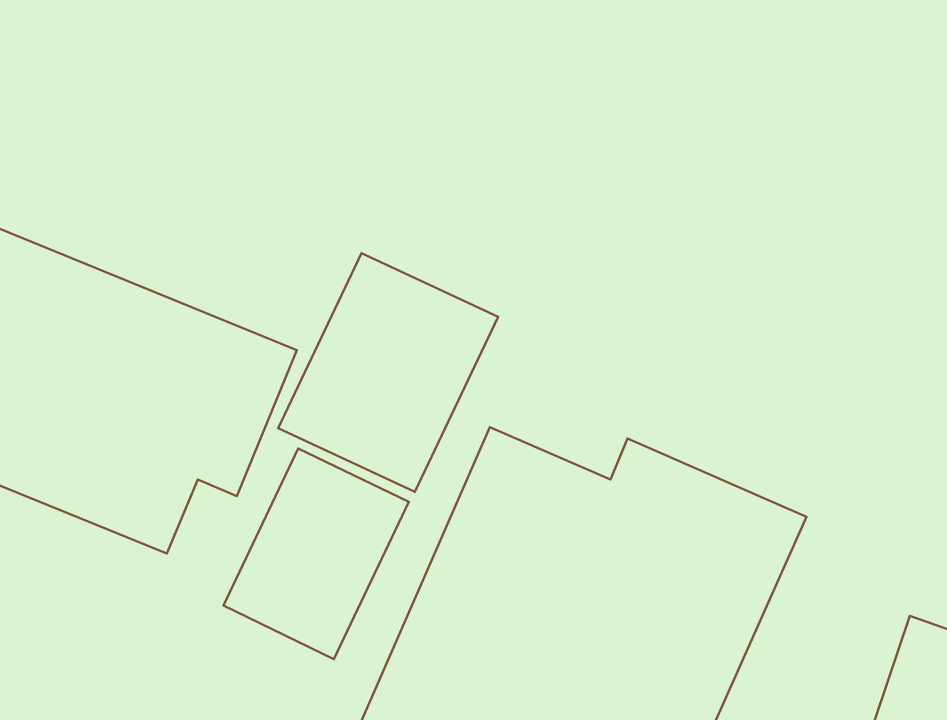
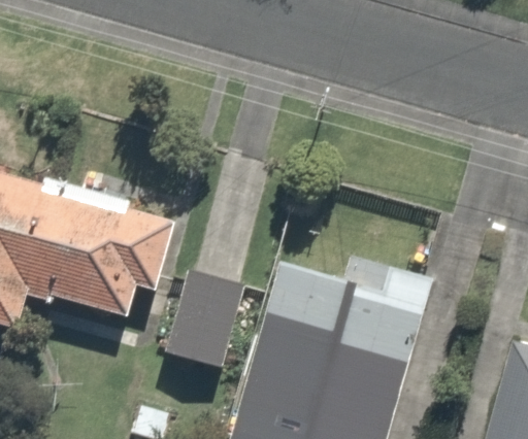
building: [278,253,498,492] -> none

